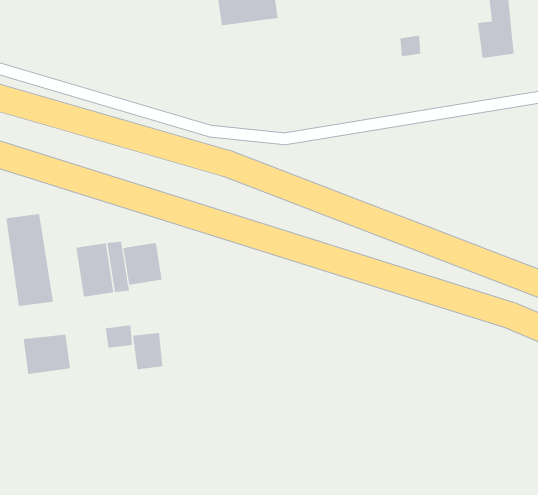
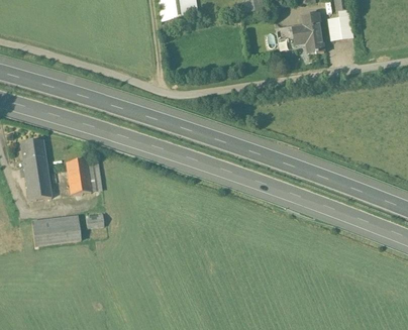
building: none -> [296,14,327,54]
building: [123,242,162,285] -> none
building: [132,333,163,370] -> [60,217,80,241]

